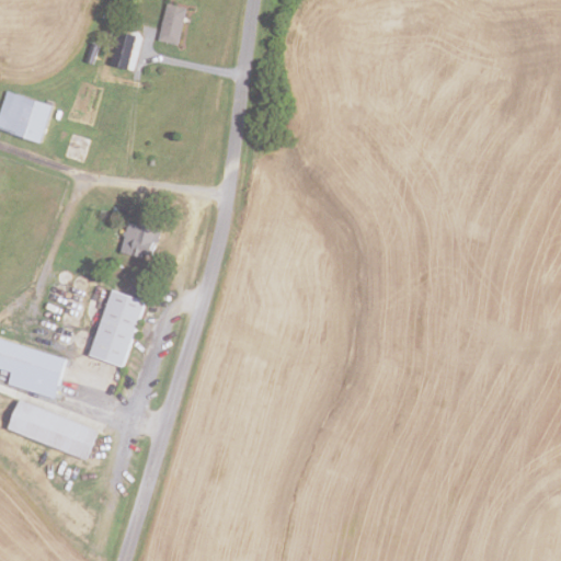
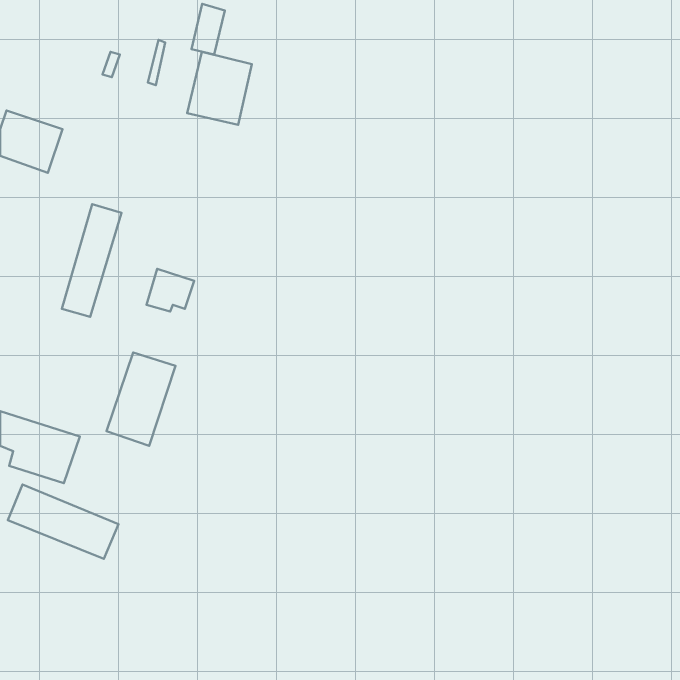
building: none -> [187,52,252,125]
building: none -> [62,204,121,317]

